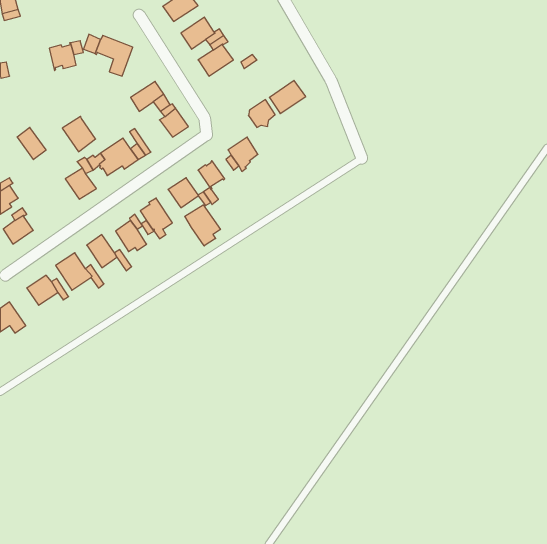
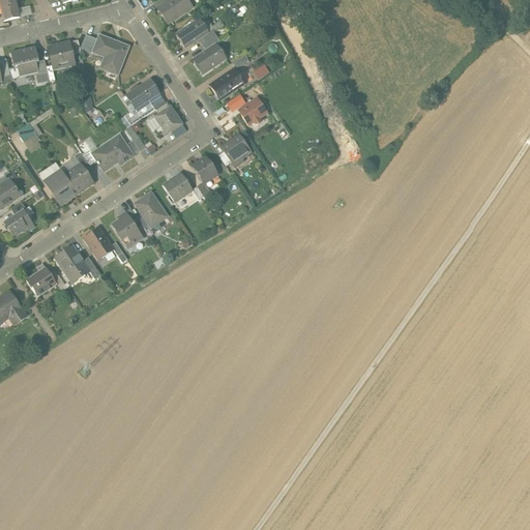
building: none -> [10,47,47,75]
building: [269,80,306,114] -> [209,67,244,99]
building: [62,116,96,152] -> [45,171,77,205]
building: [185,205,220,246] -> none

